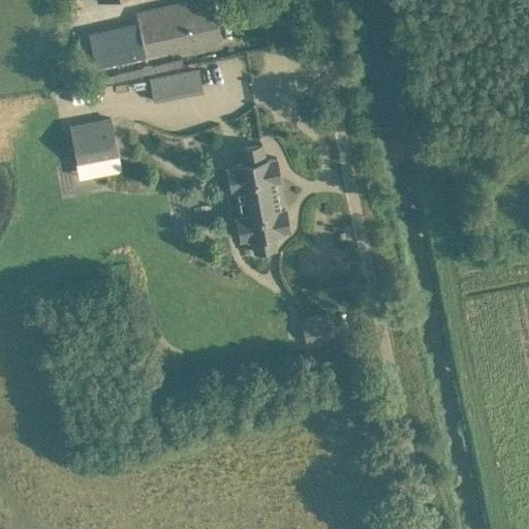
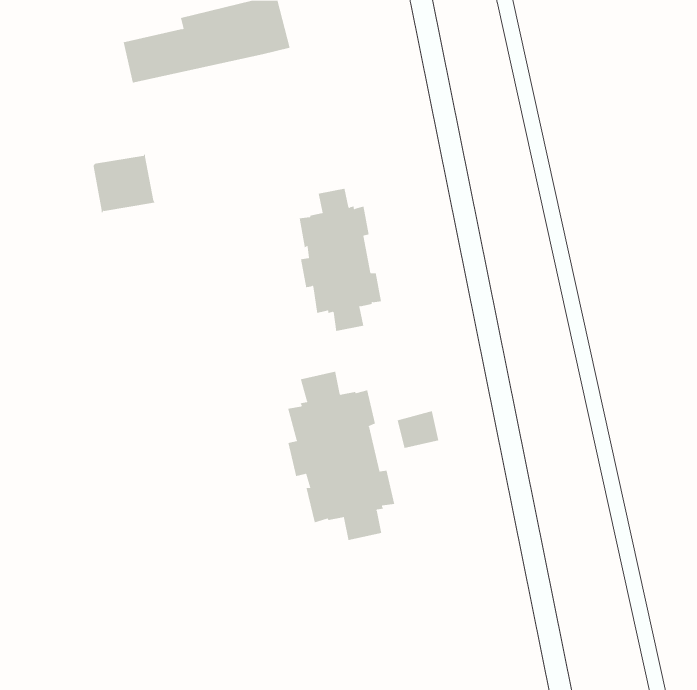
building: [152,74,203,96] -> none
building: none -> [287,371,395,541]

